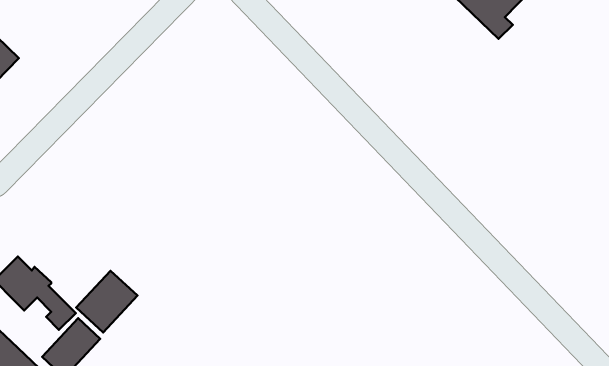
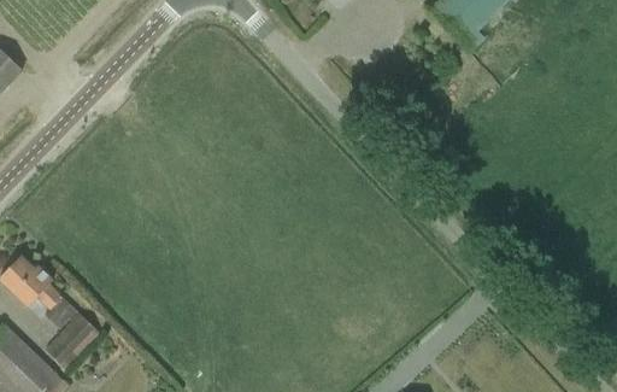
building: [76,271,137,332] -> none

